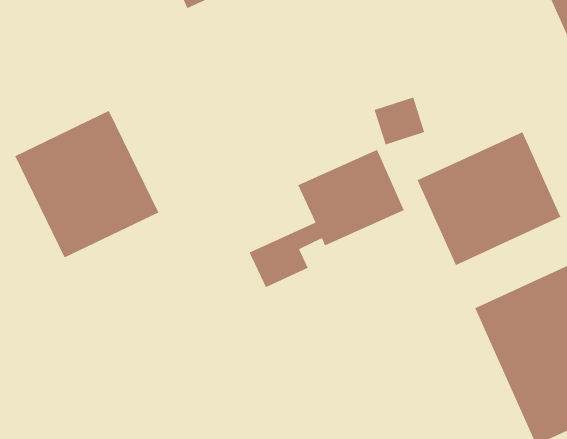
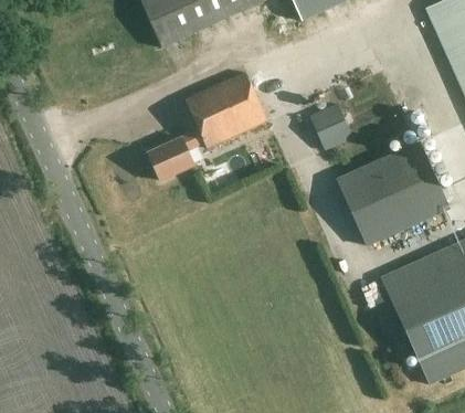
building: [14,110,159,259] -> none
building: [248,149,405,288] -> [147,73,267,180]

